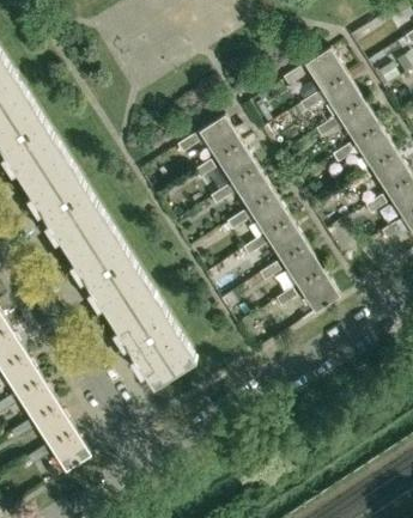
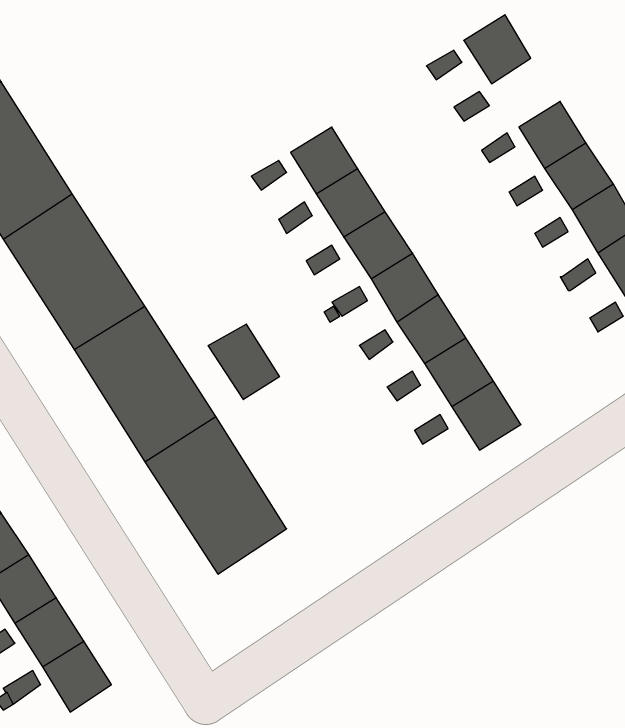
building: [321,74,363,116] -> none
building: none -> [208,324,279,400]

